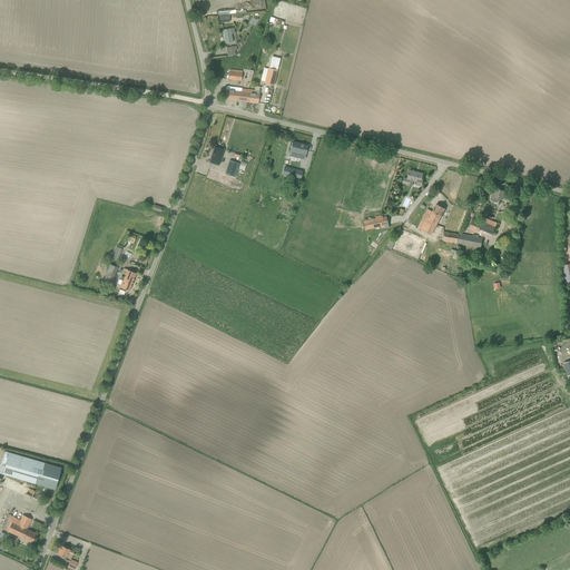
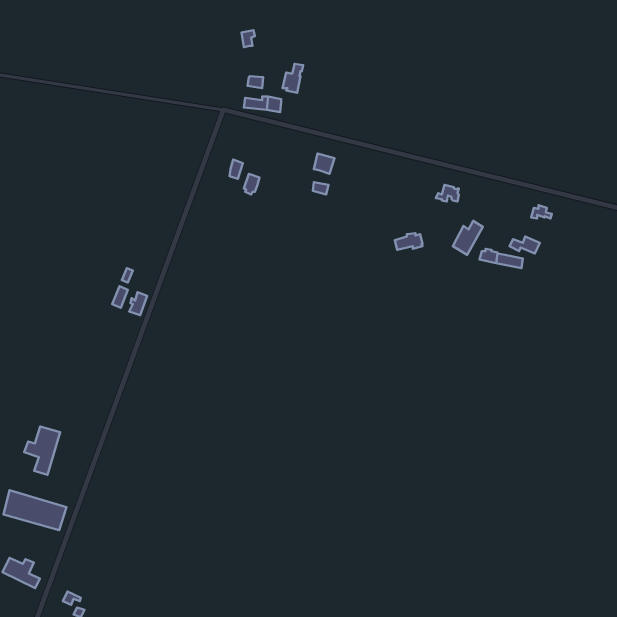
building: none -> [24,426,60,475]

